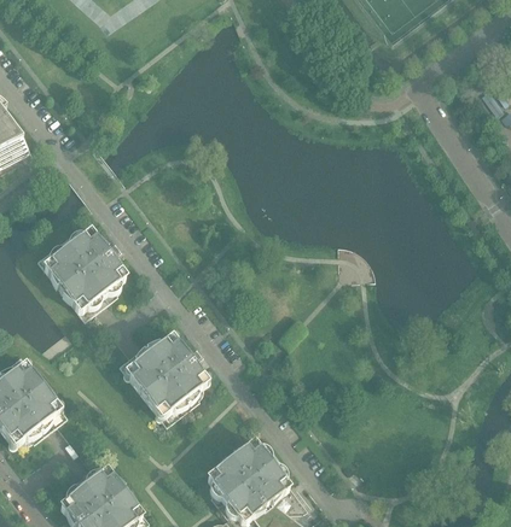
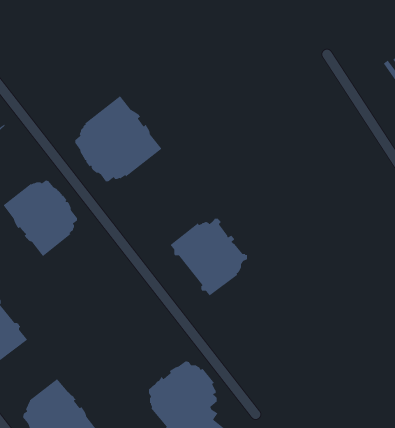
building: none -> [75,95,162,182]
building: [118,333,210,424] -> [169,218,248,297]

